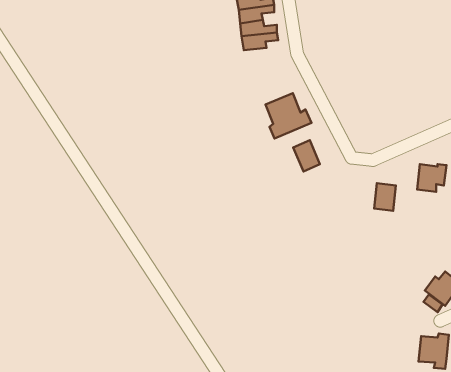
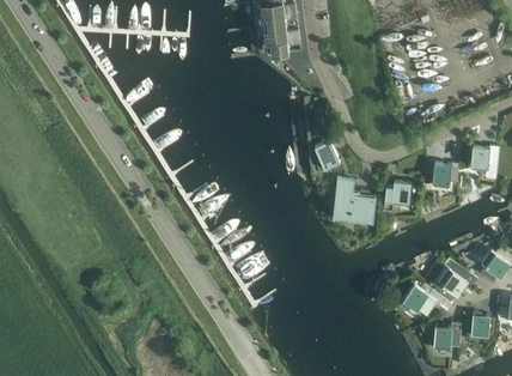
building: [266,93,311,139] -> none
building: none -> [331,176,374,219]
building: none -> [396,281,435,311]

